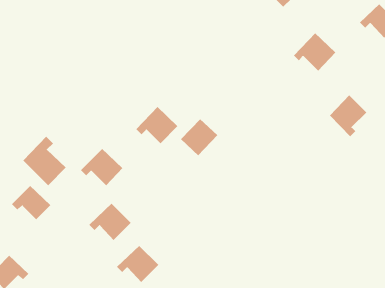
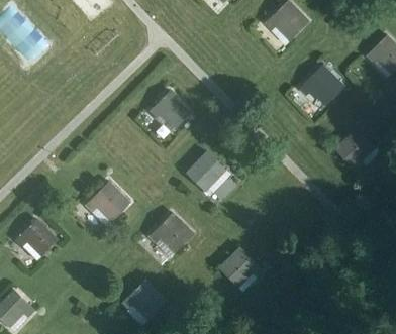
building: [135,106,178,144] -> [146,91,190,129]
building: [22,136,67,186] -> none
building: [89,203,132,241] -> [148,214,192,252]
building: none -> [218,247,262,286]

